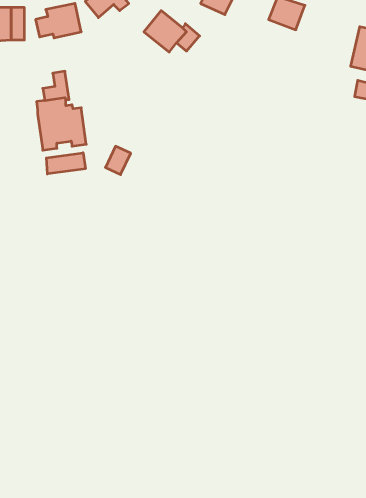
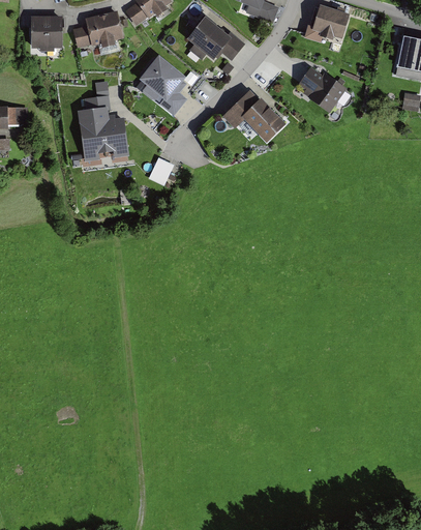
building: none -> [140,55,189,115]
building: none -> [296,66,344,114]
building: none -> [227,89,289,142]
building: [46,153,85,174] -> none

